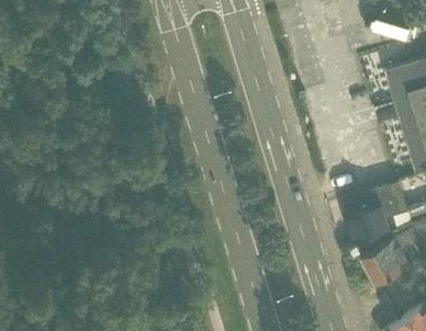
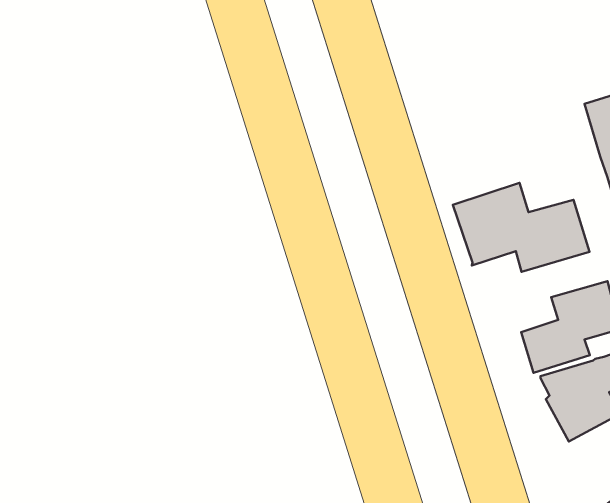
building: none -> [453,183,589,272]

